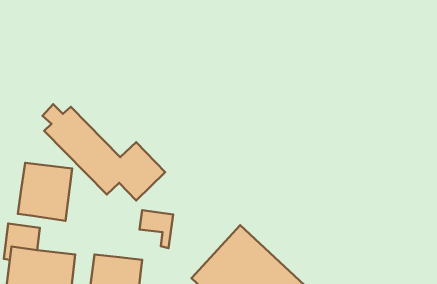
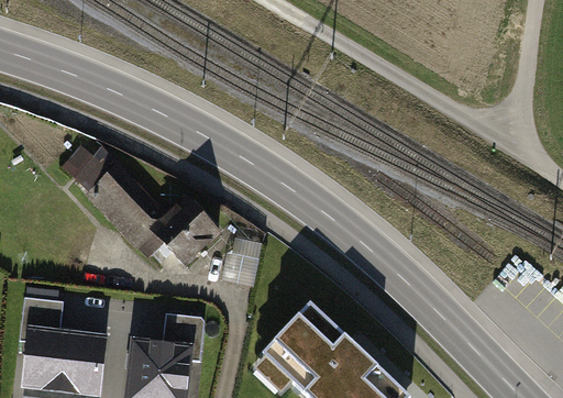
building: [18,163,72,221] -> none
building: [140,210,173,248] -> [162,313,203,361]

